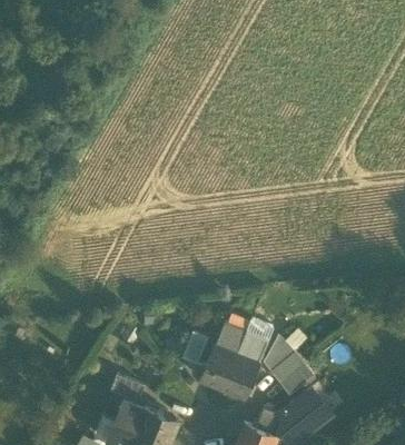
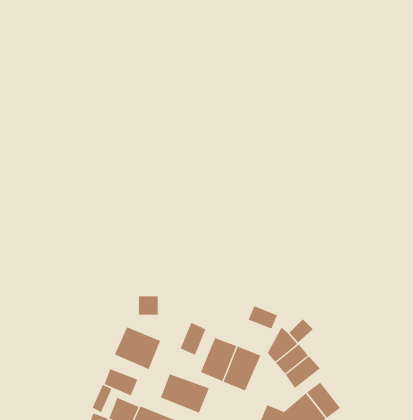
building: [215,322,246,355] -> none
building: none -> [114,327,161,370]
building: none -> [160,373,209,413]

